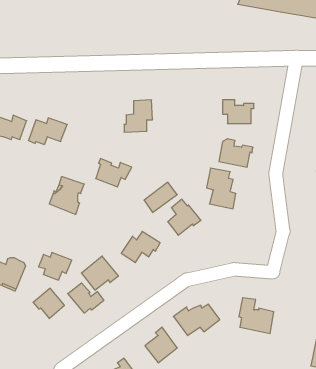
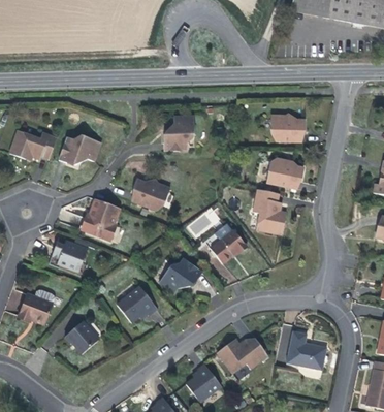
building: [39,253,72,280] -> [52,240,88,270]
building: [68,283,104,313] -> none

